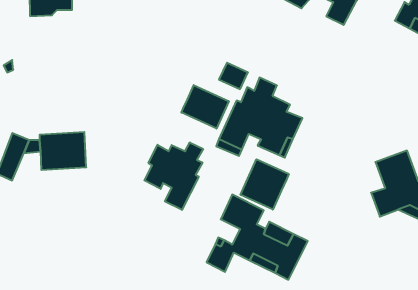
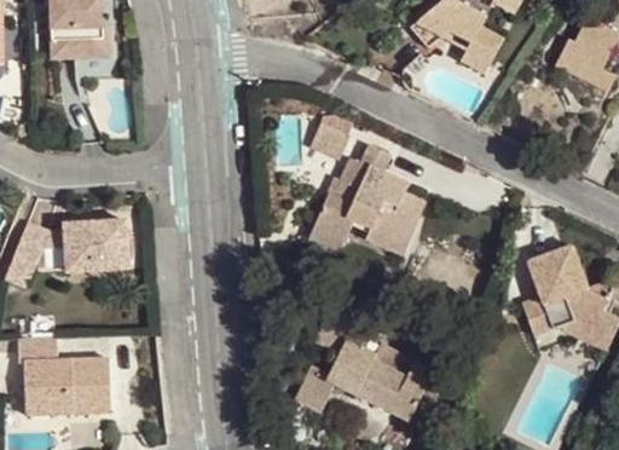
building: [181,85,229,129] -> none
building: [144,142,203,210] -> none
building: [241,159,289,210] -> none
building: none -> [18,336,110,415]

